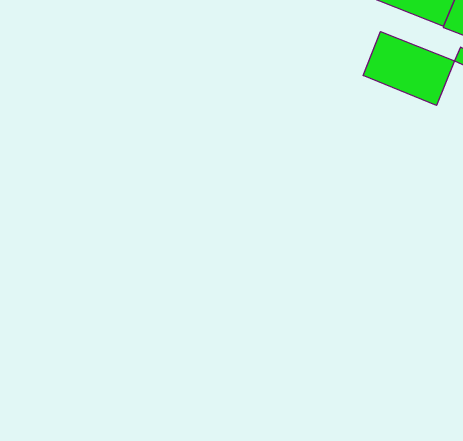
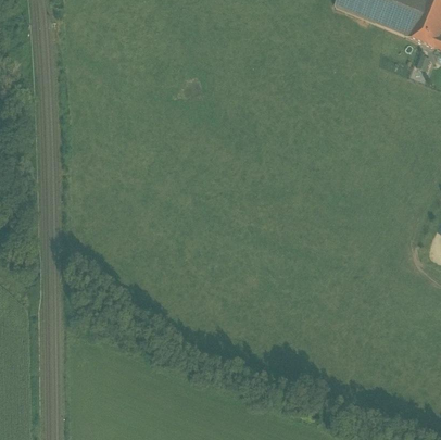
building: [363,32,455,105] -> none

